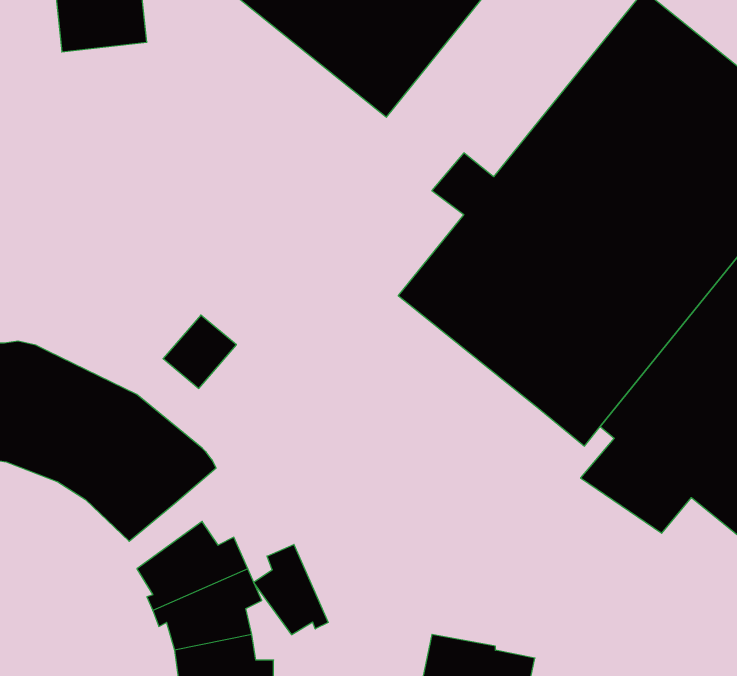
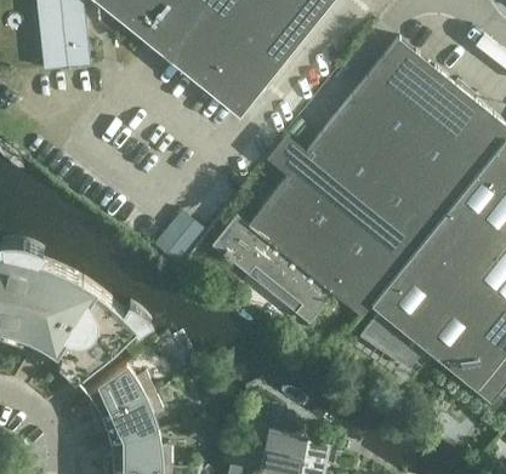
building: none -> [212,215,334,324]
building: [163,315,236,388] -> [159,210,204,255]
building: [254,544,328,635] -> none

